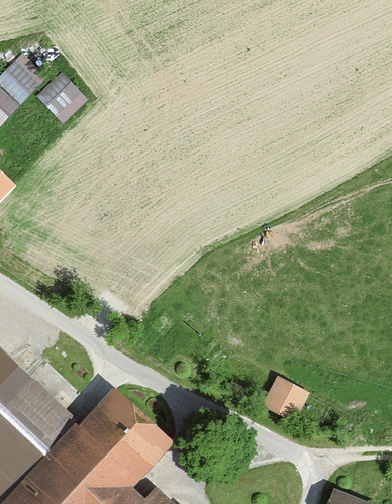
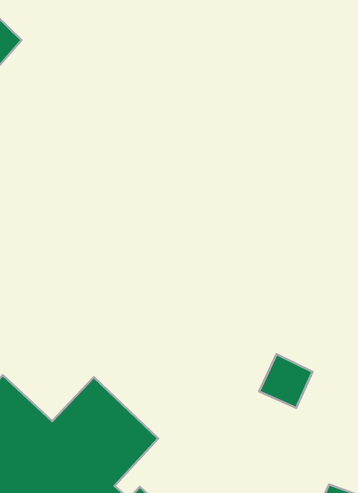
building: [33,74,83,122] -> none

